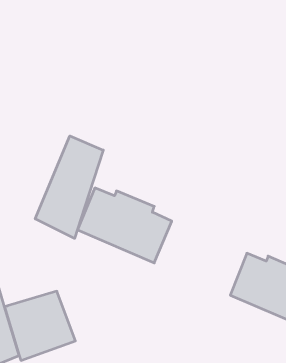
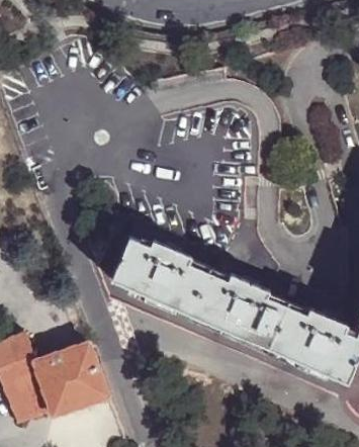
building: [35,136,103,238] -> none
building: none -> [192,273,288,350]

